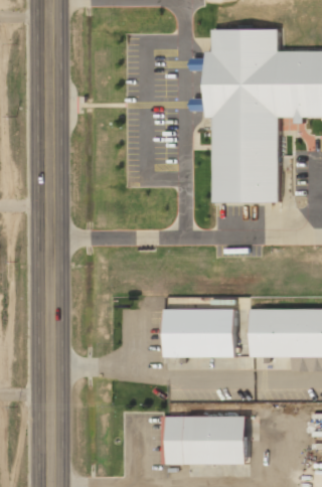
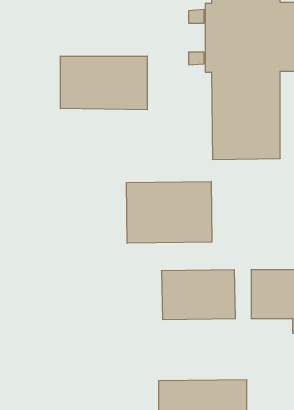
building: none -> [60,56,147,110]
building: none -> [127,181,212,243]

